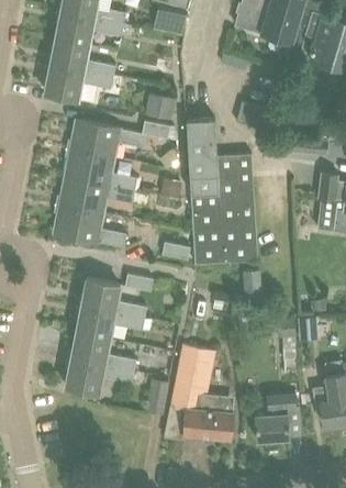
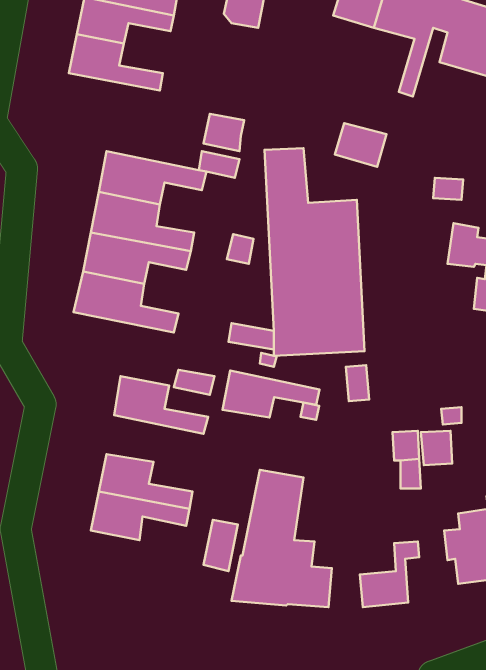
building: [44,66,113,100] -> none
building: [76,307,144,340] -> [222,371,319,417]

